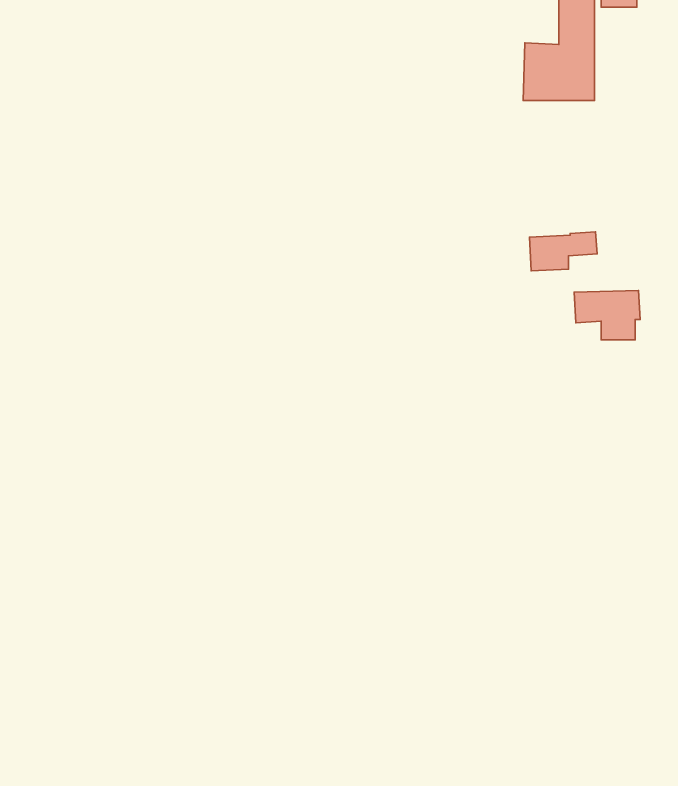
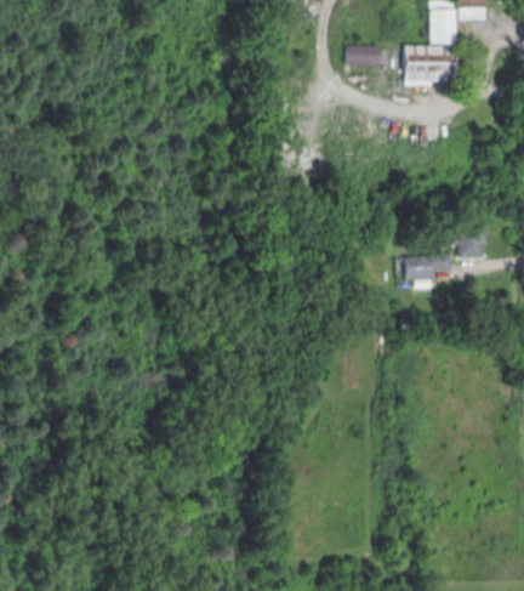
building: none -> [346,45,382,67]
building: [529,232,597,271] -> [405,252,454,280]

